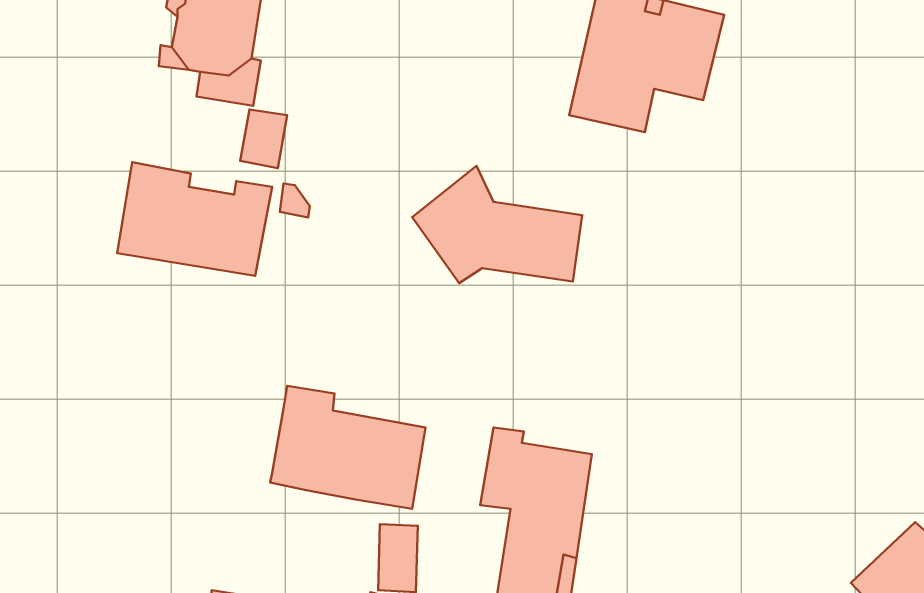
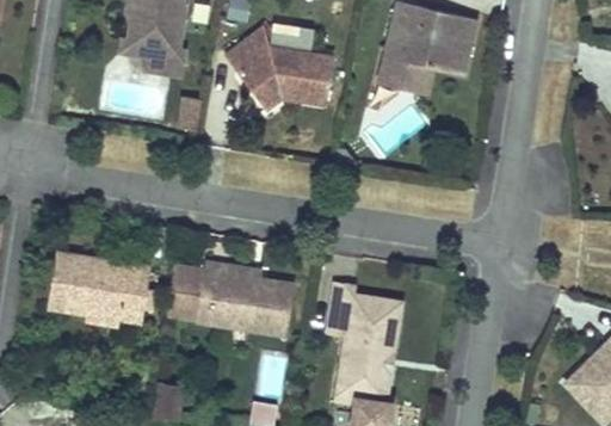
building: [117,162,272,276] -> [47,248,144,320]
building: [412,166,582,283] -> [229,23,337,97]
building: none -> [166,266,200,311]

